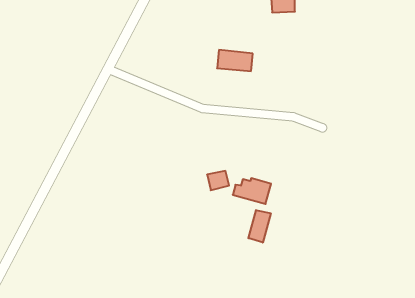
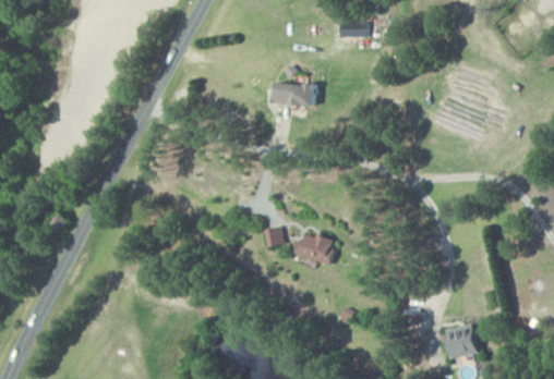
building: [248,210,271,243] -> none
building: none -> [445,325,477,358]

